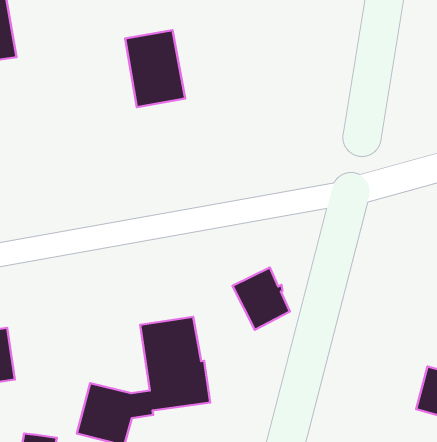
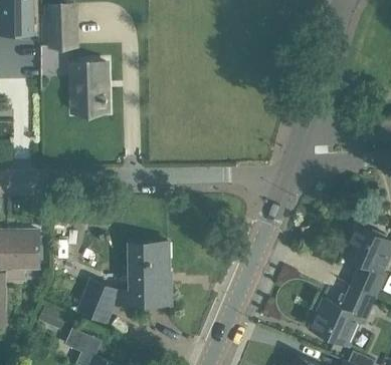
building: [125,30,185,107] -> [72,63,108,112]
building: [232,268,290,330] -> none

